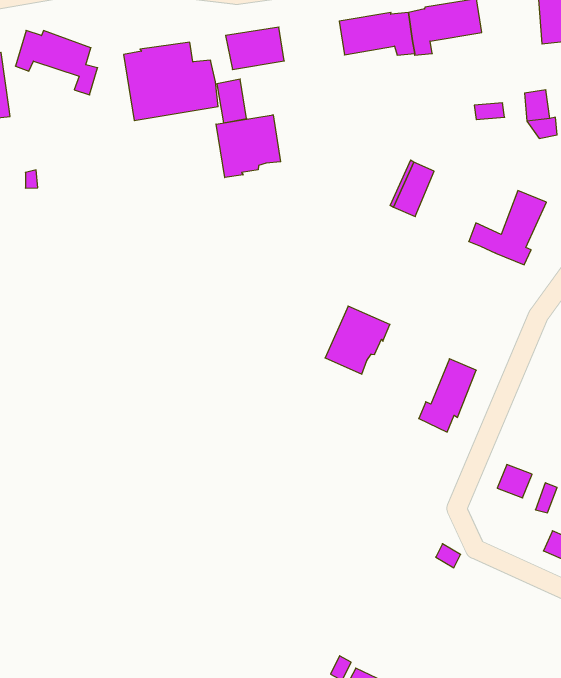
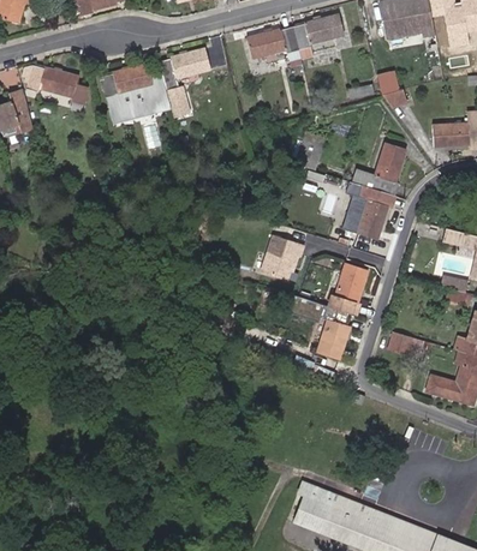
building: [216,115,281,178] -> none
building: none -> [344,185,392,238]
building: none -> [310,303,351,360]

